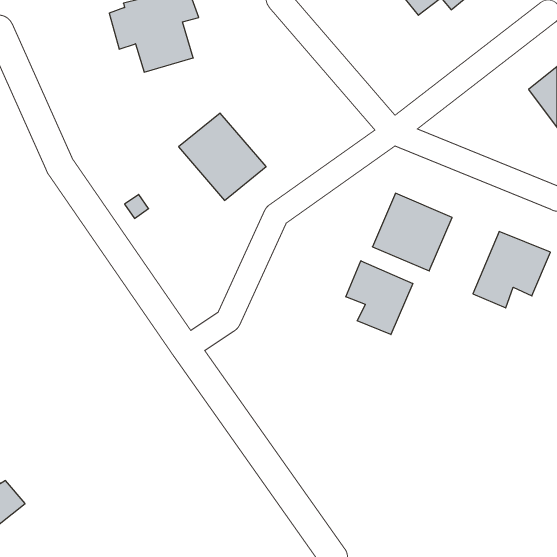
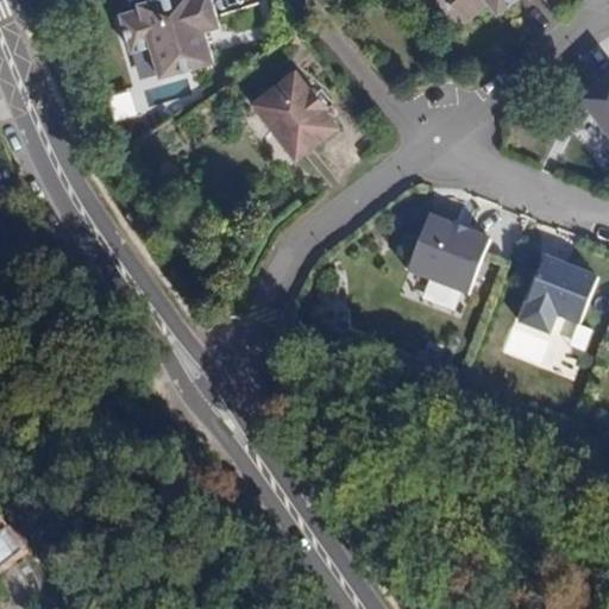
building: [179,113,266,200] -> [246,67,341,162]
building: [346,261,413,335] -> none

